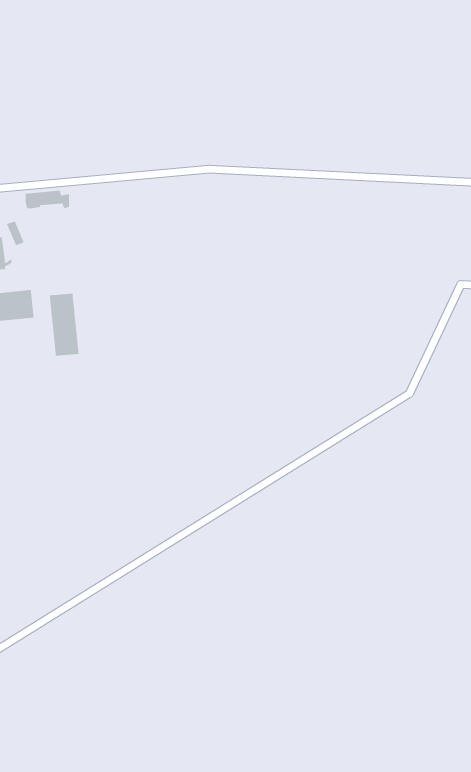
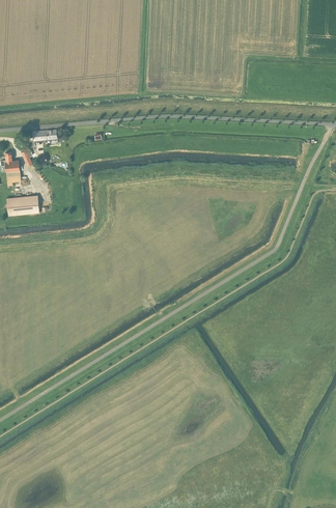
building: [49,293,79,357] -> none

